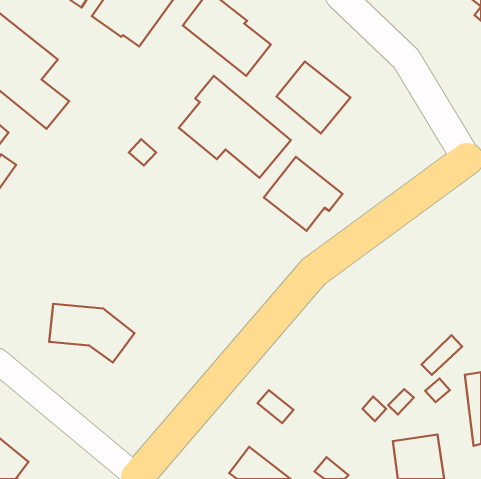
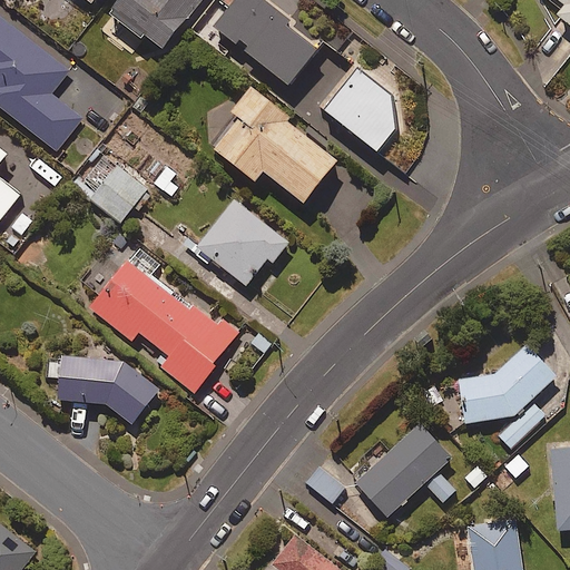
building: none -> [75,151,147,223]
building: [264,157,342,231] -> [196,200,288,287]
building: none -> [89,245,238,394]
building: none -> [459,335,554,415]
building: none -> [355,414,451,507]

